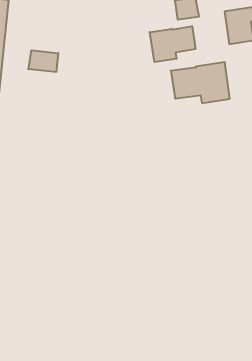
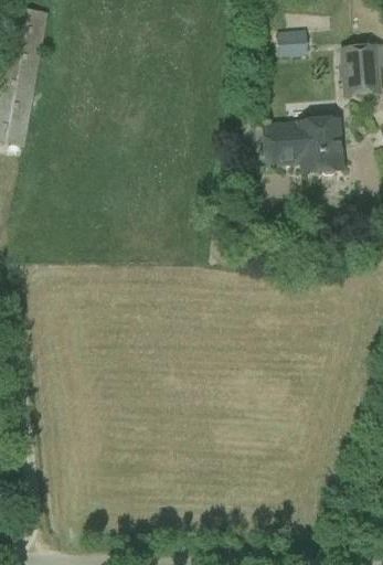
building: [150,26,195,62] -> none
building: [28,50,58,72] -> none

